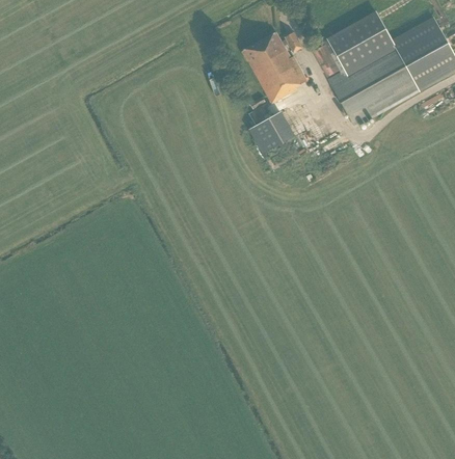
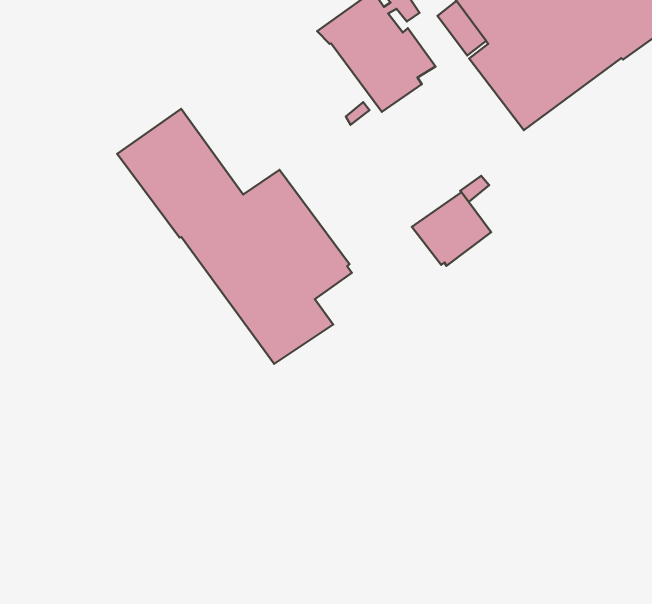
building: none -> [117,109,352,364]
building: [248,112,295,155] -> [412,192,491,266]

